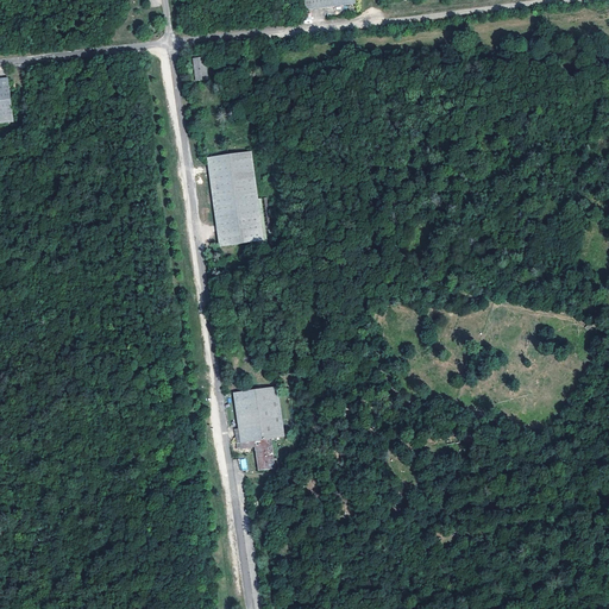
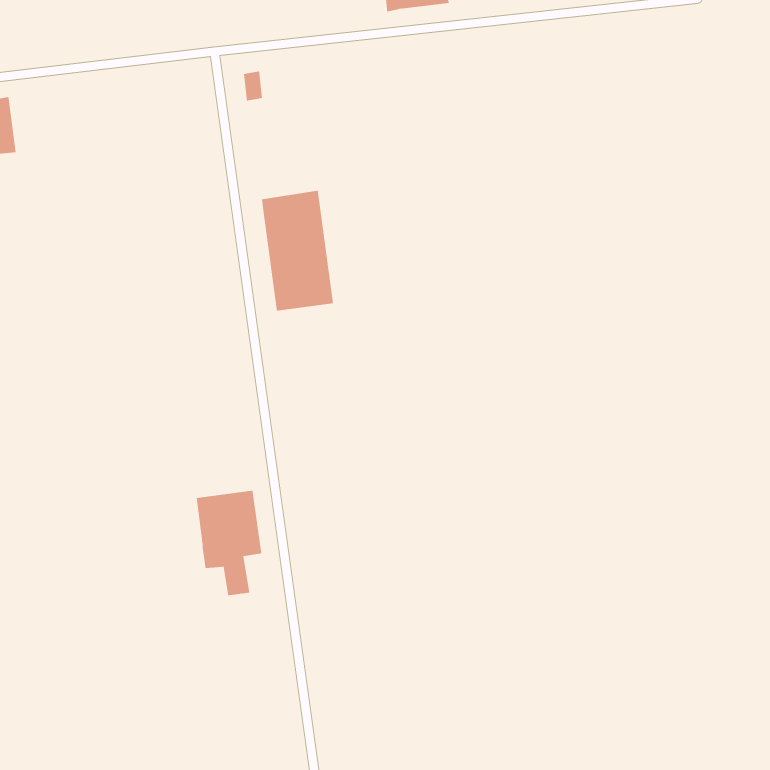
building: [232,385,284,469] -> [196,490,262,596]

